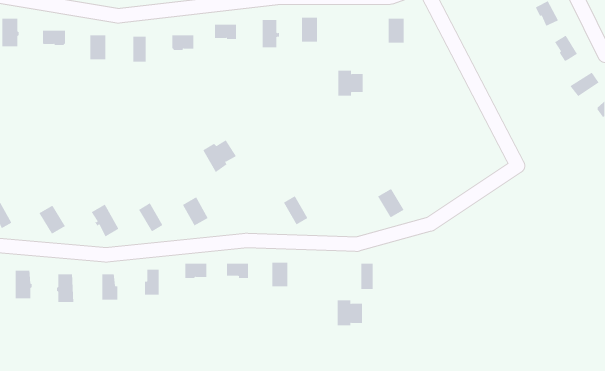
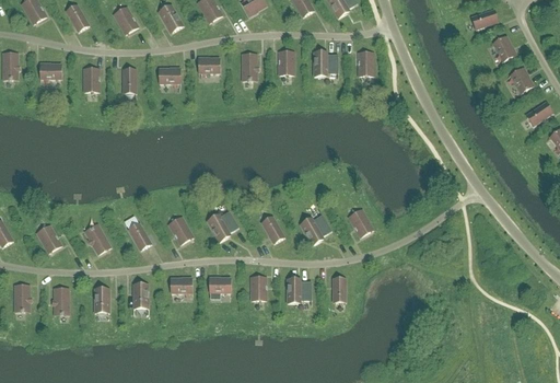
building: [337,70,364,96] -> [313,51,337,76]
building: [202,139,237,173] -> [207,211,238,242]
building: none -> [300,214,331,245]
building: [337,300,363,326] -> [287,278,311,302]

